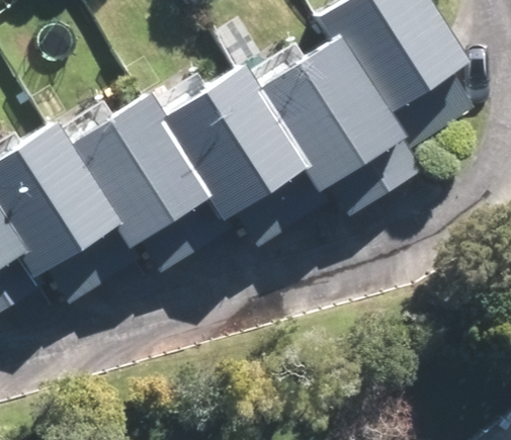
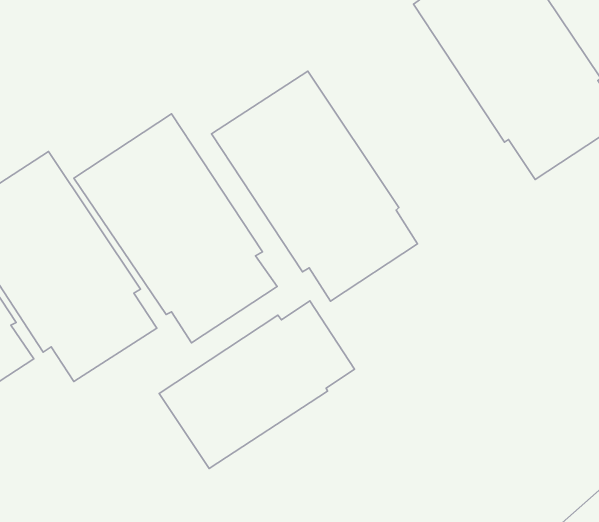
building: [264,27,423,205] -> none
building: none -> [159,301,355,468]

